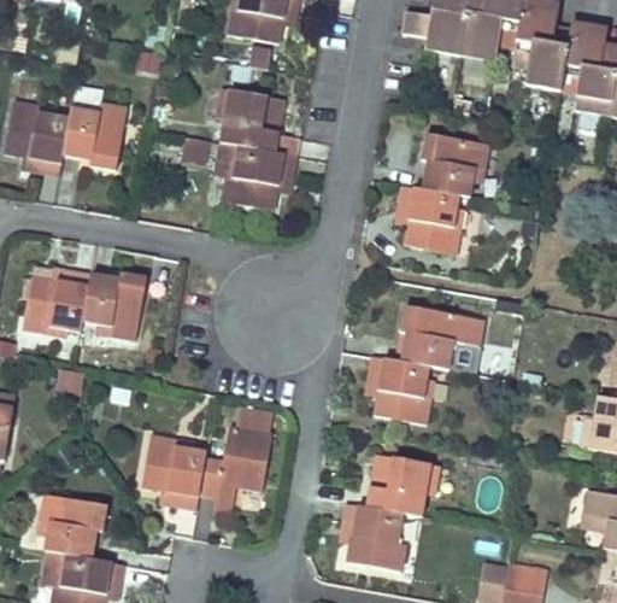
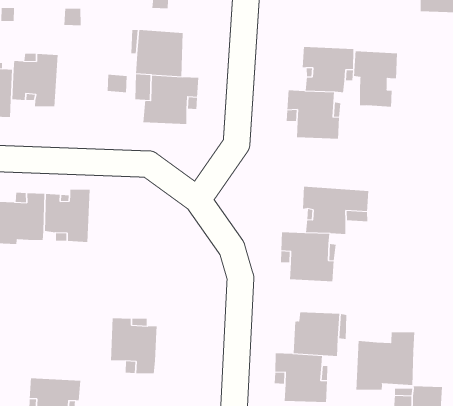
building: none -> [353,51,397,108]
building: [199,406,274,513] -> none
building: none -> [356,331,415,390]

